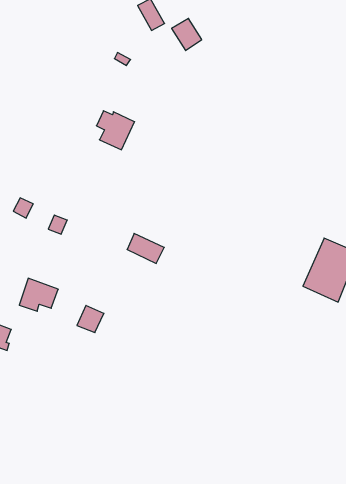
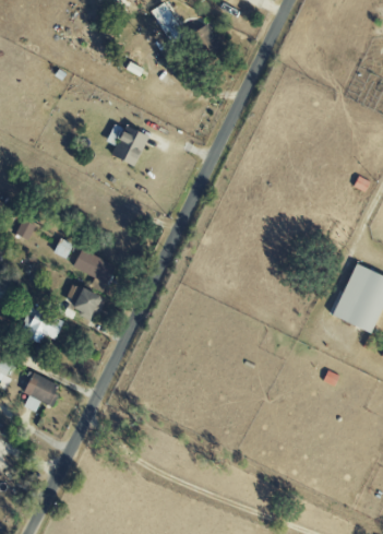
building: [127,233,164,263] -> [74,249,115,282]
building: [77,305,104,333] -> [71,287,100,317]
building: none -> [24,372,60,412]

